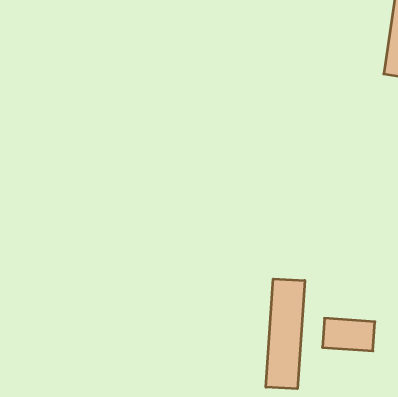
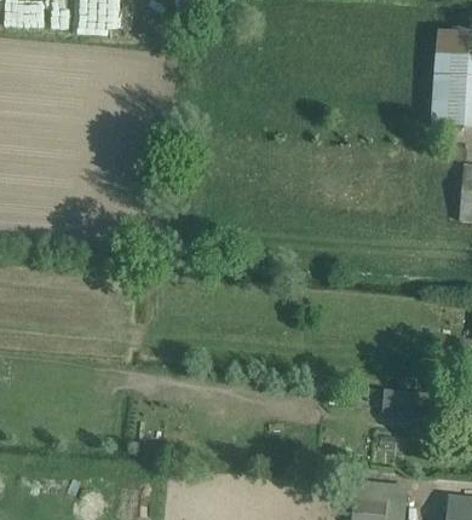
building: [266,279,305,389] -> none

